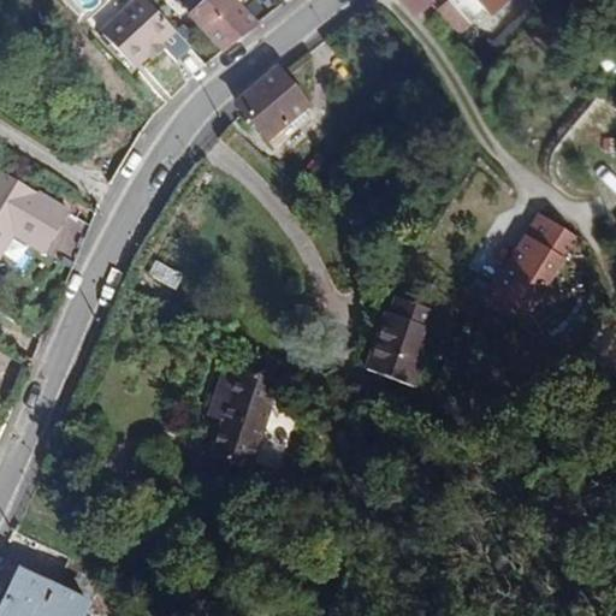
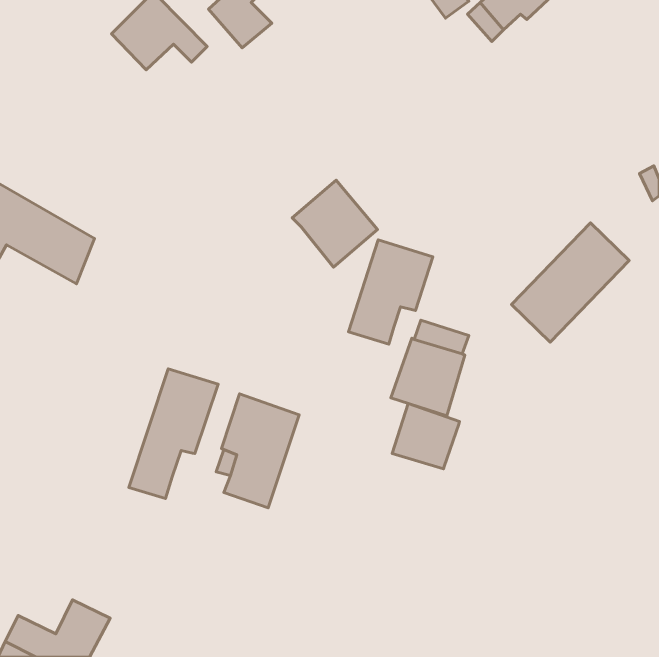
building: [233,69,313,149] -> [292,180,378,267]
building: none -> [348,240,433,344]
building: none -> [129,369,218,499]
building: none -> [392,403,459,469]

